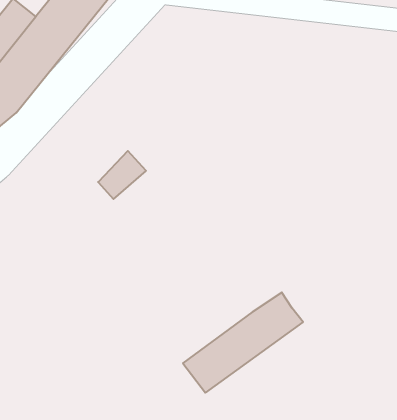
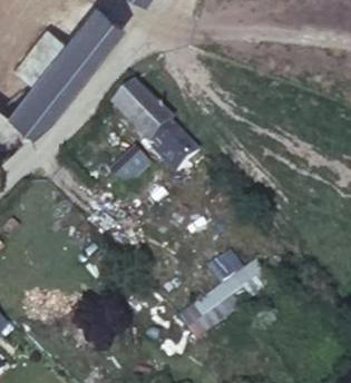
building: none -> [113,86,199,173]

